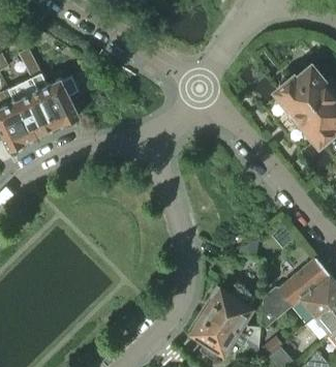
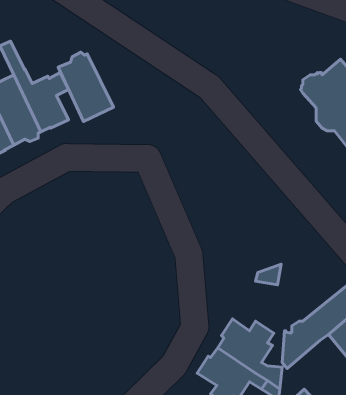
building: none -> [58,52,113,122]

